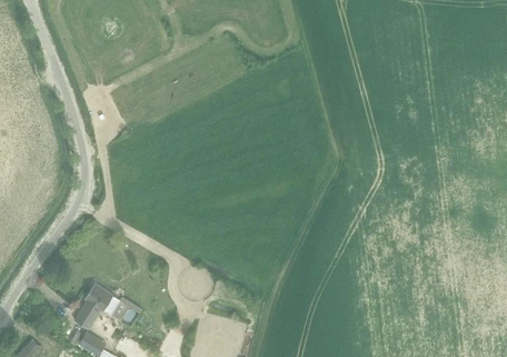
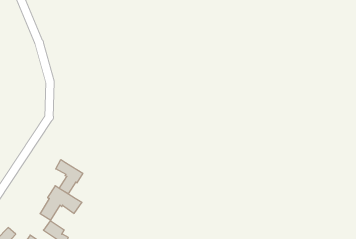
building: none -> [56,160,83,194]

